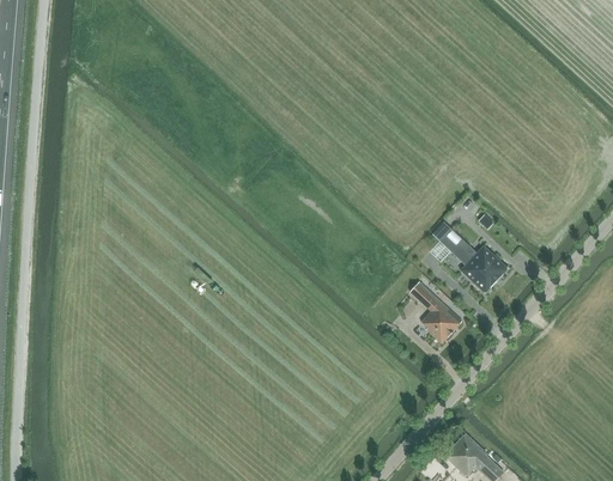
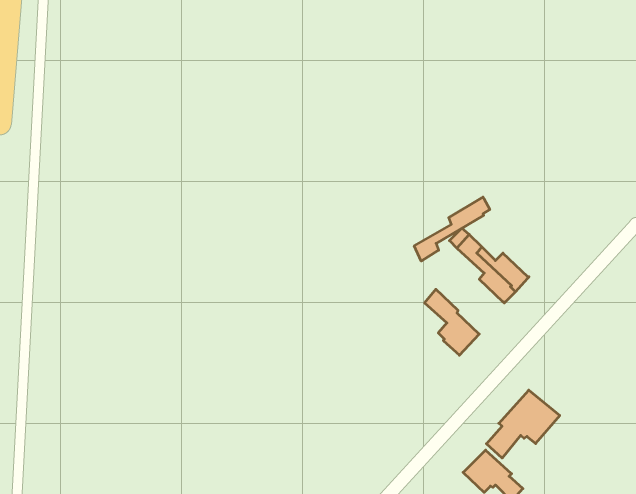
building: none -> [414,197,490,261]
building: none -> [486,390,560,458]

